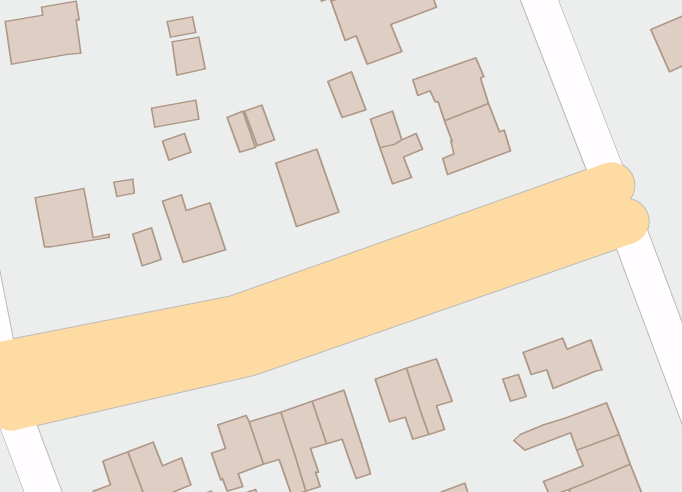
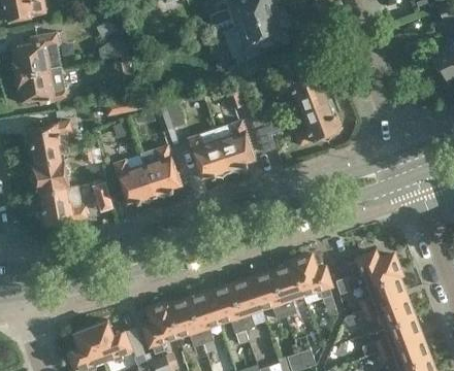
building: none -> [13,67,67,102]
building: none -> [214,120,255,170]
building: none -> [24,121,70,160]
building: none -> [143,144,181,195]
building: none -> [39,187,86,226]
building: none -> [291,256,335,309]
building: none -> [359,274,403,309]
building: none -> [231,279,261,331]

